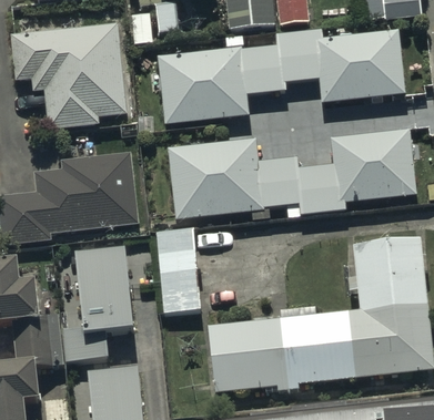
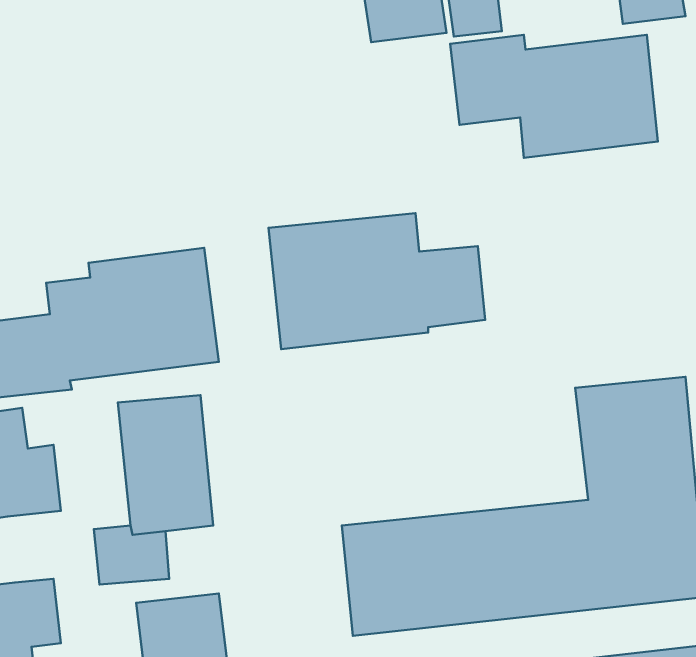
building: [10,22,130,126] -> none
building: [157,43,281,121] -> none
building: [294,129,414,213] -> none
building: [154,227,199,311] -> none
building: [9,314,60,359] -> none

